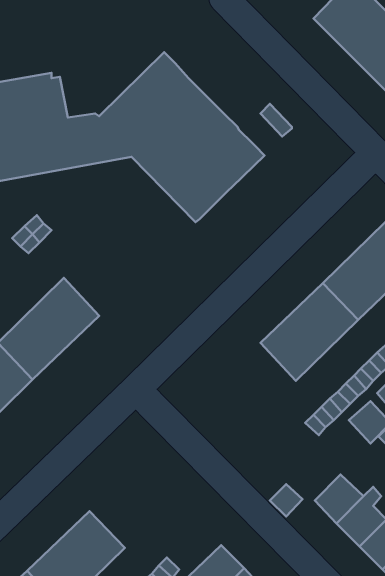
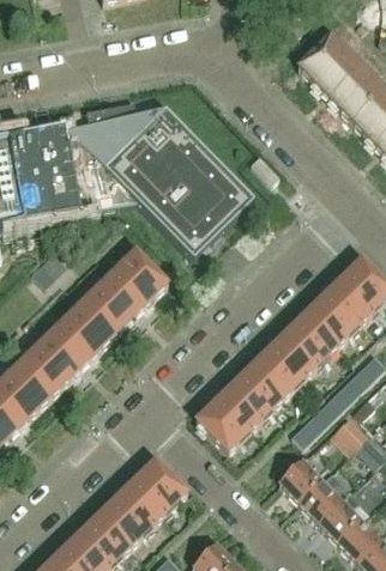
building: none -> [67,107,167,164]
building: none -> [78,249,169,339]
building: none -> [195,363,283,450]
building: none -> [279,452,322,502]
building: none -> [101,457,188,543]

